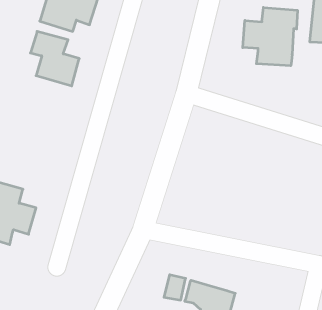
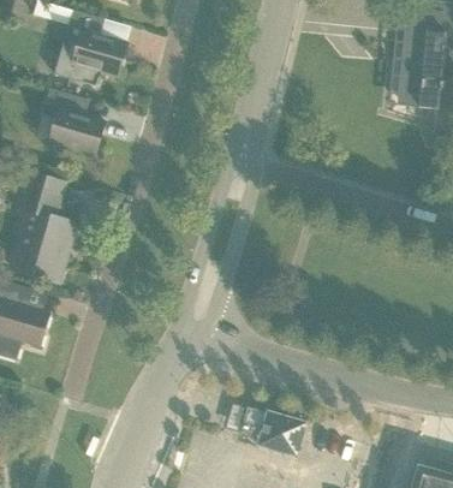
building: [243,7,297,66] -> none
building: none -> [13,173,77,284]

